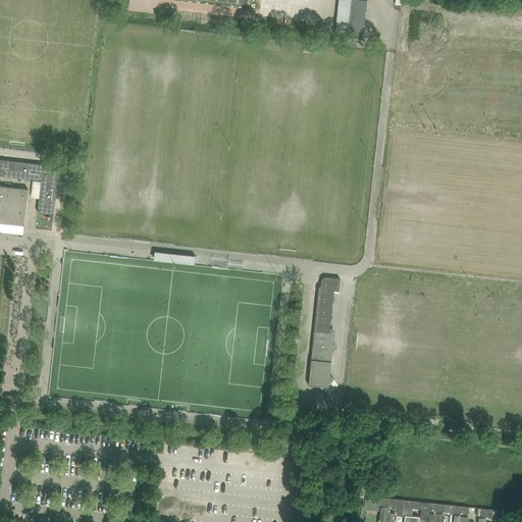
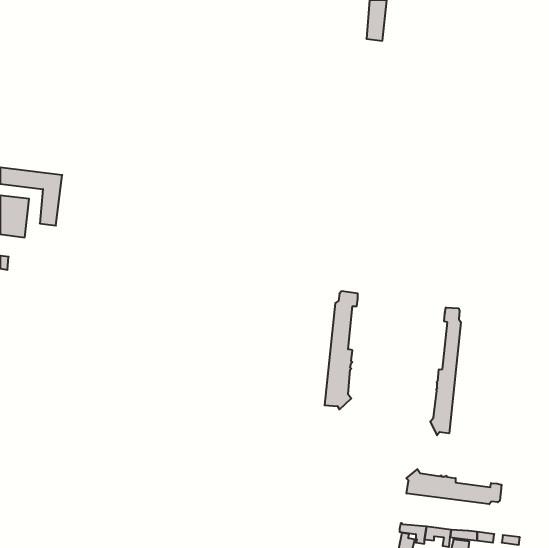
building: none -> [430,307,461,435]
building: none -> [406,469,502,504]

